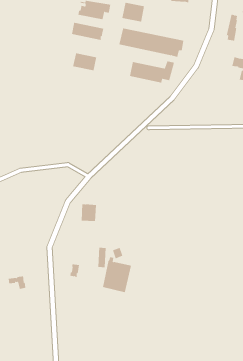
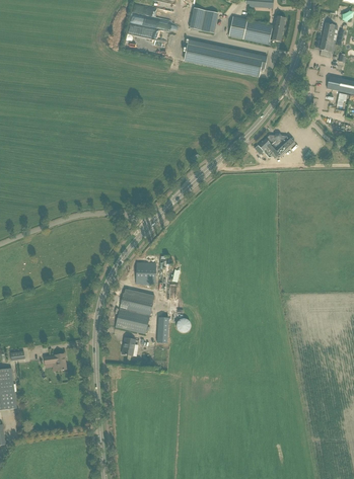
building: [73,52,97,71] -> none
building: [129,61,175,83] -> [228,15,286,44]
building: none -> [255,132,295,157]
building: [102,257,132,293] -> [116,288,153,333]

